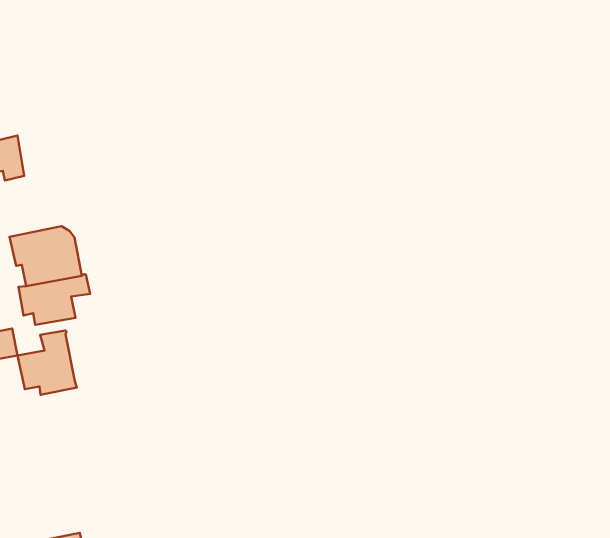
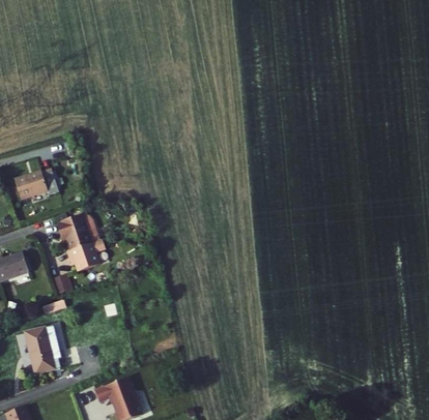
building: [17,331,77,395] -> none

